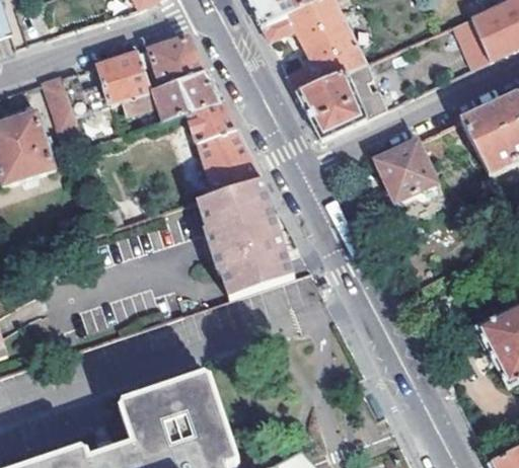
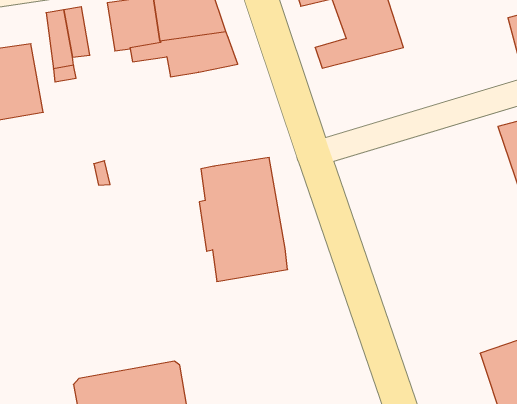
building: [295,63,386,140] -> none
building: [187,100,261,193] -> none
building: [374,140,434,201] -> none

